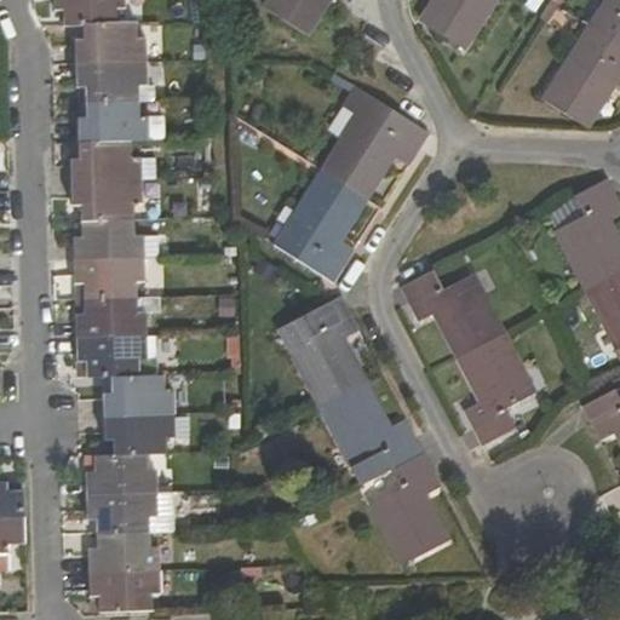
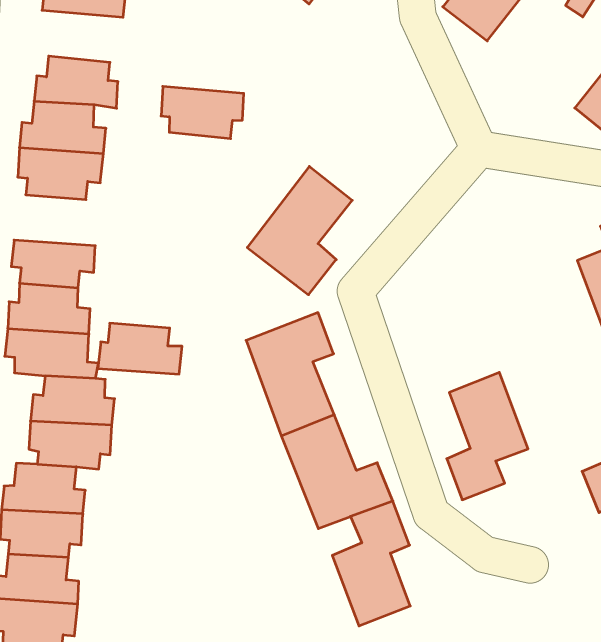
building: [76,59,148,99] -> [161,86,244,139]
building: [320,87,425,196] -> none
building: [73,219,143,260] -> [98,323,182,374]
building: [401,269,501,352] -> none

